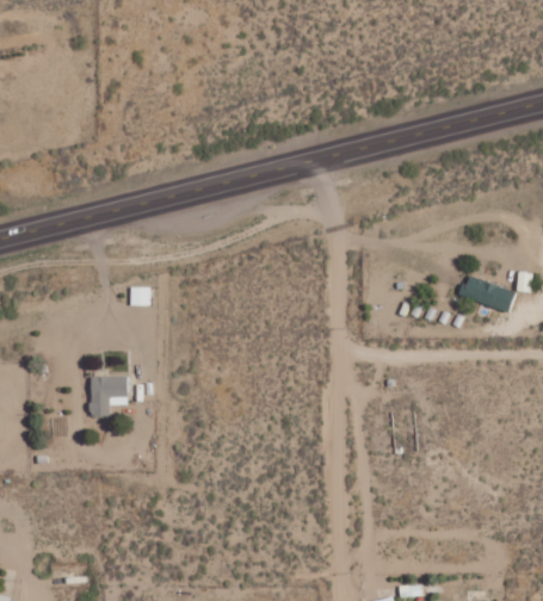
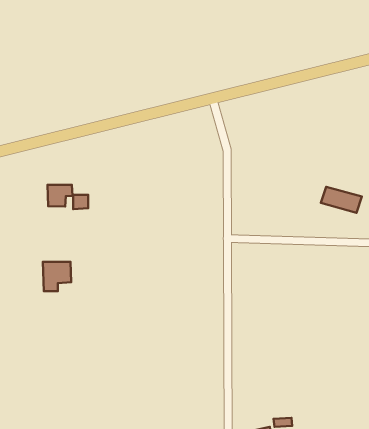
building: none -> [48,185,72,206]

